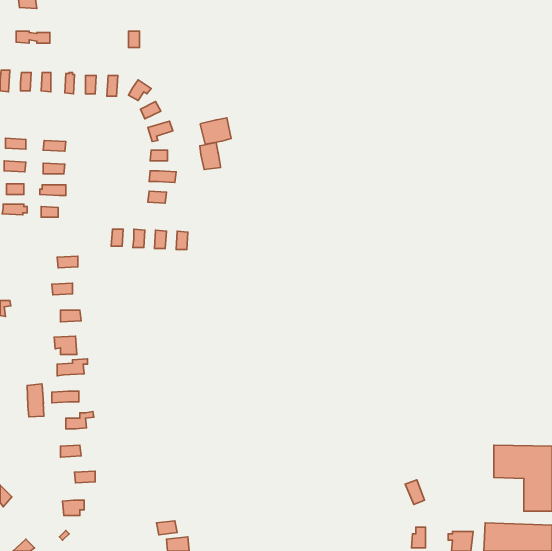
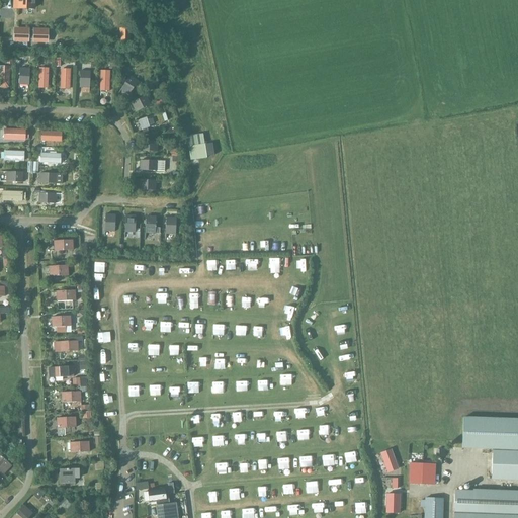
building: [200,118,231,144] -> none
building: [27,384,44,417] -> none
building: none -> [409,463,435,485]

